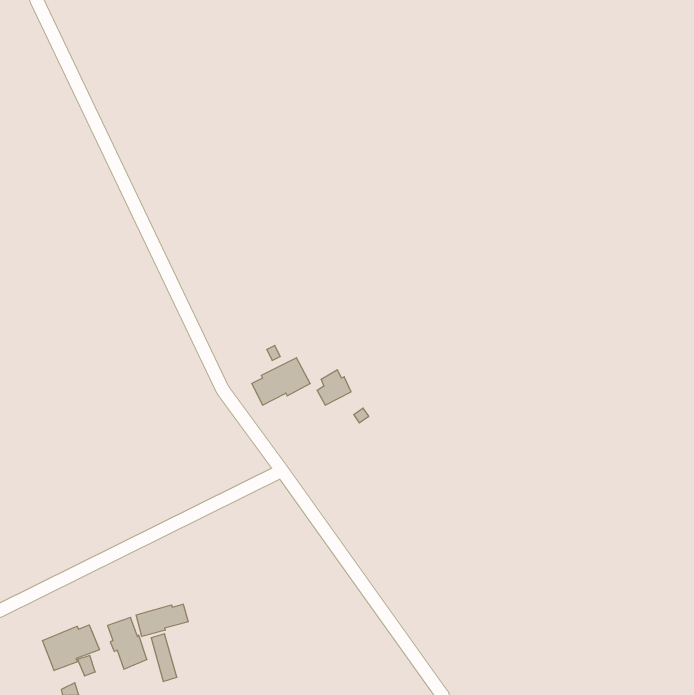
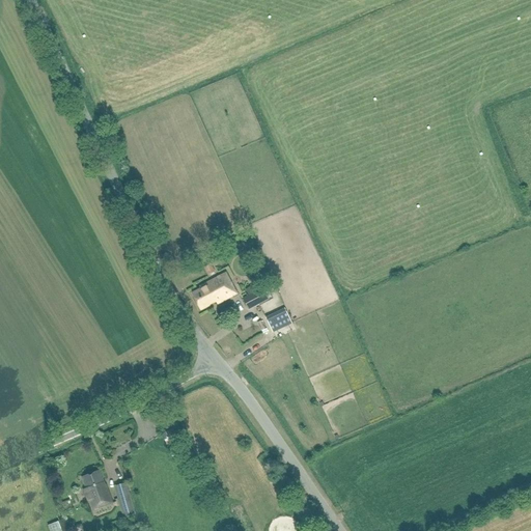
building: [136,604,188,636] -> none
building: [42,625,99,671] -> none

